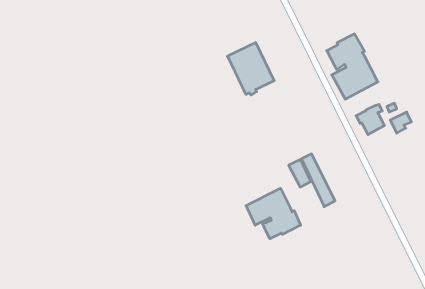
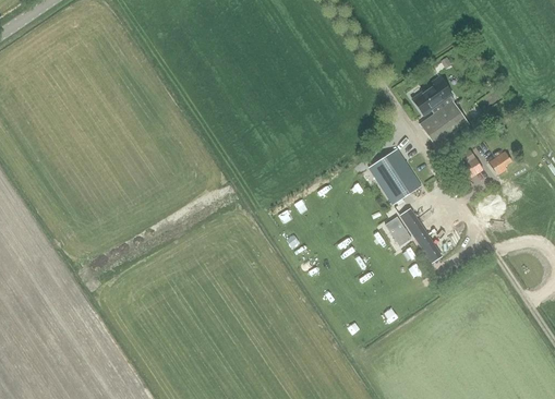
building: [227,43,274,95] -> [367,147,421,204]
building: [246,188,301,239] -> none

